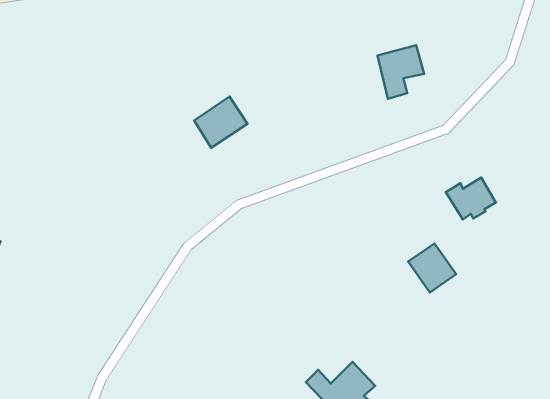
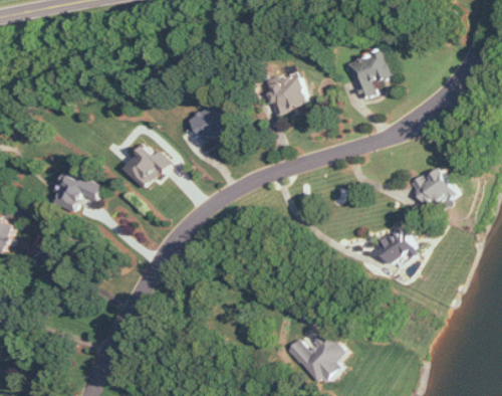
building: none -> [264,72,306,114]
building: none -> [120,145,169,188]
building: none -> [58,172,100,204]

